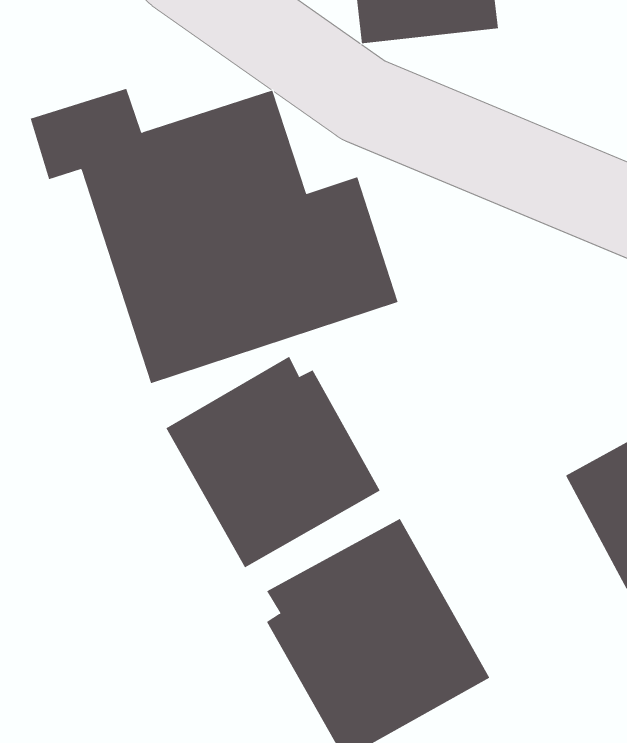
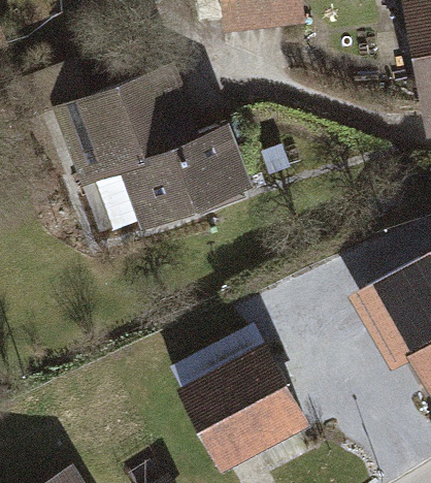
building: [166,356,381,568] -> none

